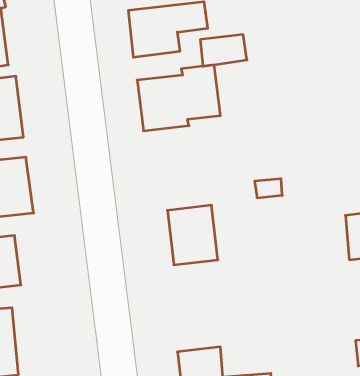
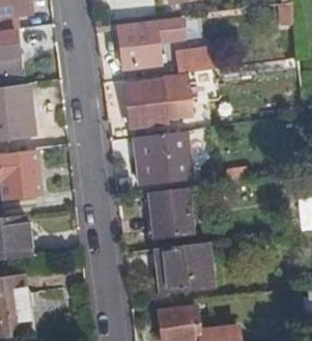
building: none -> [135,131,192,186]
building: none -> [153,244,211,293]

